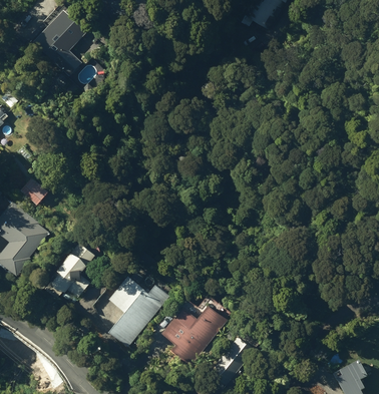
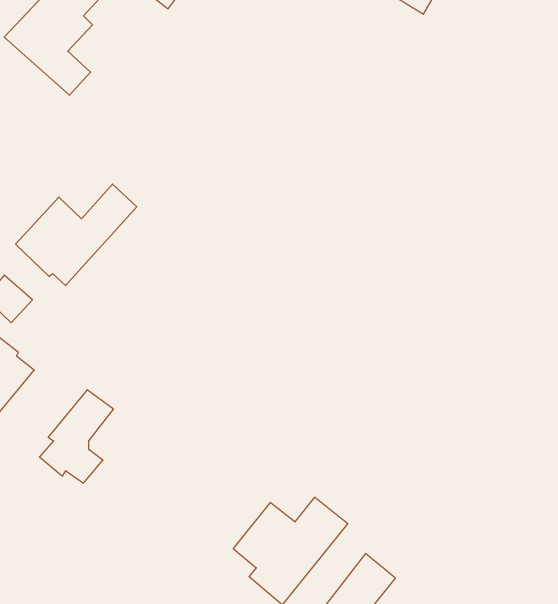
building: none -> [16,184,137,286]
building: [107,277,169,348] -> none

